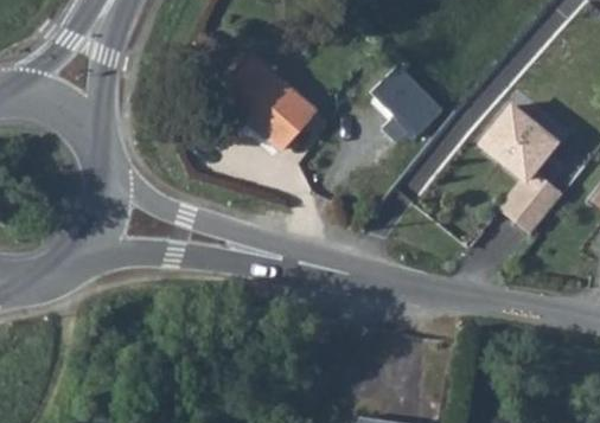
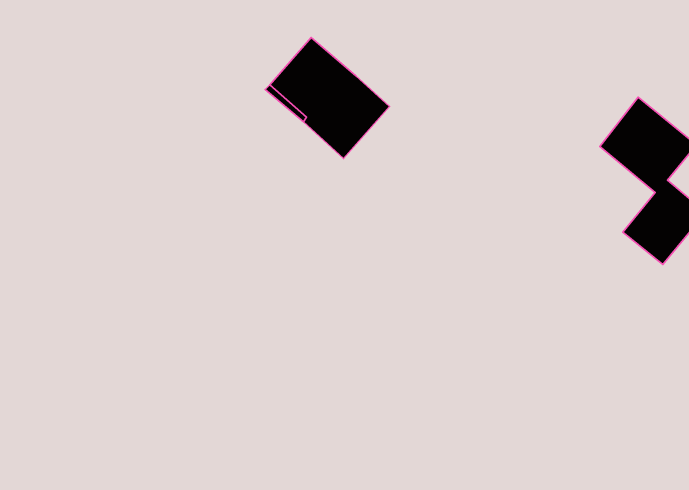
building: [374,70,445,140] -> none

